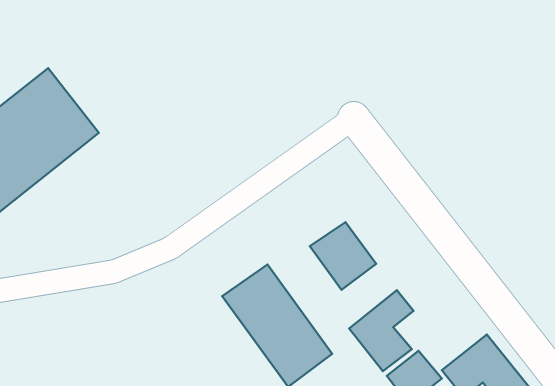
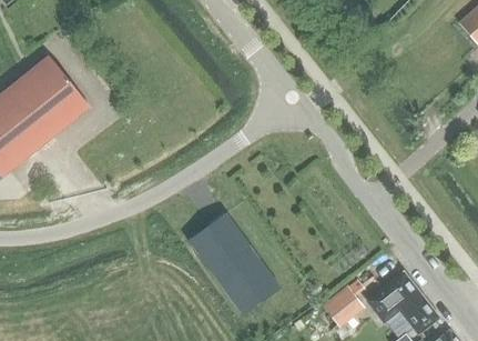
building: [310,222,376,290] -> none
building: [349,290,413,371] -> none

